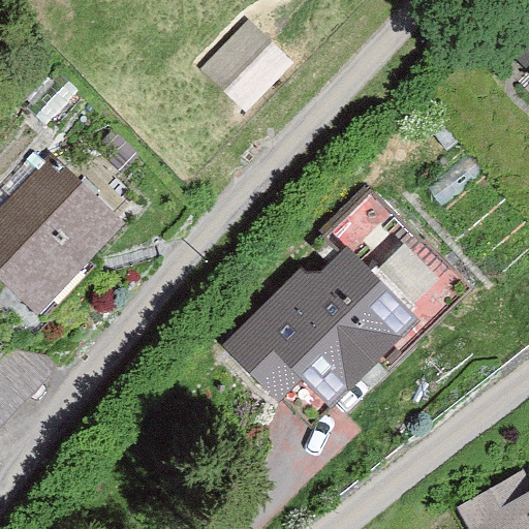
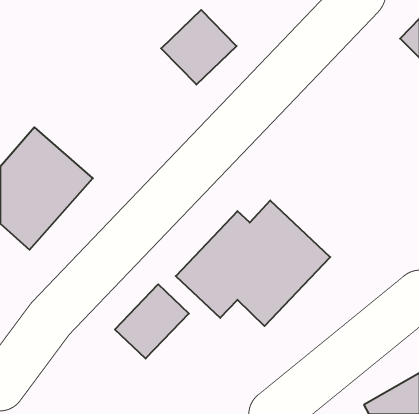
building: none -> [115,284,189,359]

